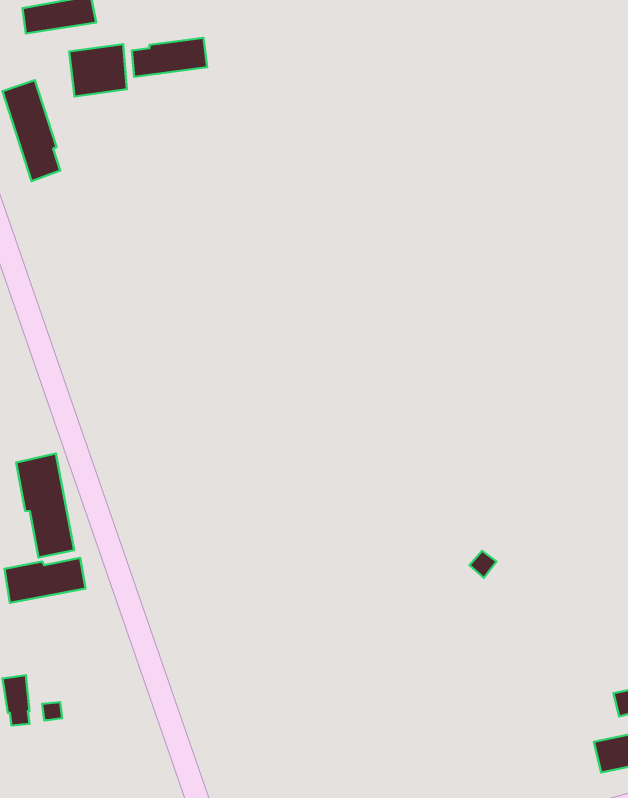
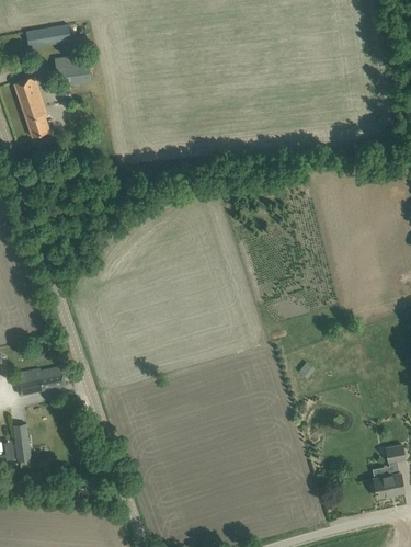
building: [132,38,207,77] -> none
building: [16,453,74,557] -> none

